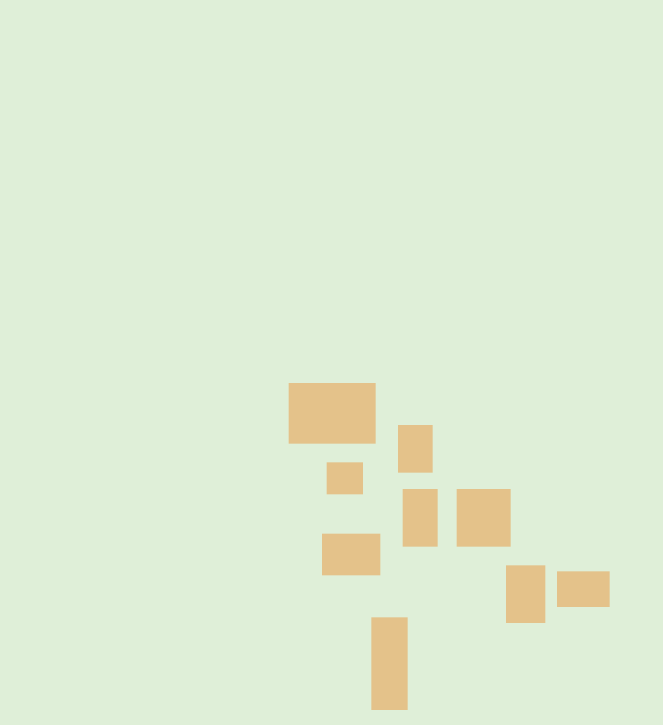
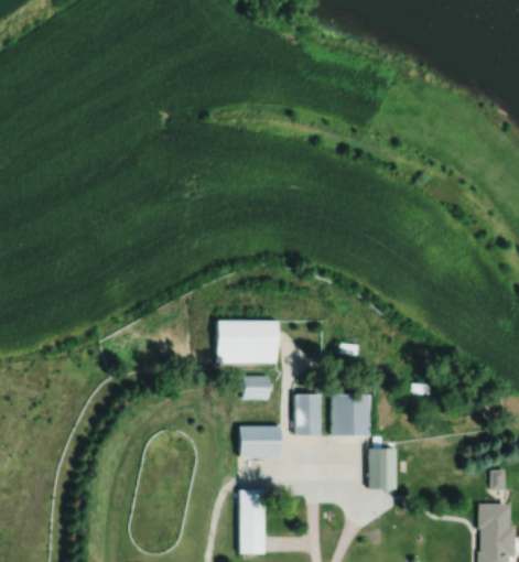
building: [397,424,433,473] -> none
building: [557,571,610,608] -> none
building: [370,617,409,710] -> [239,488,266,553]

